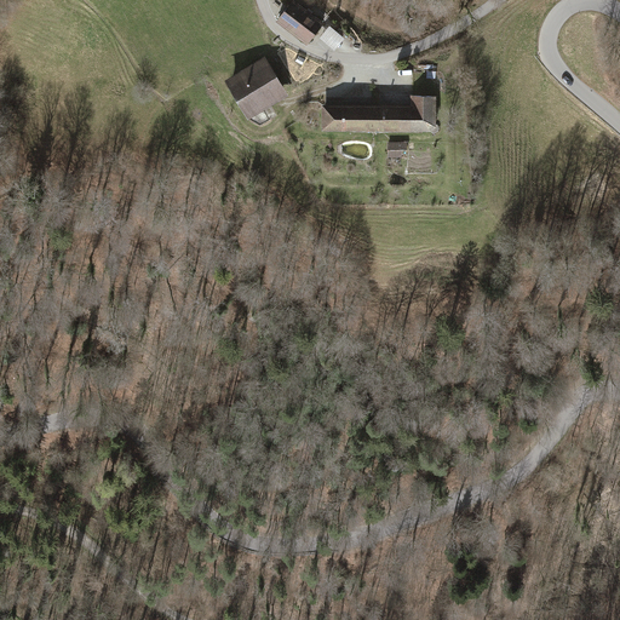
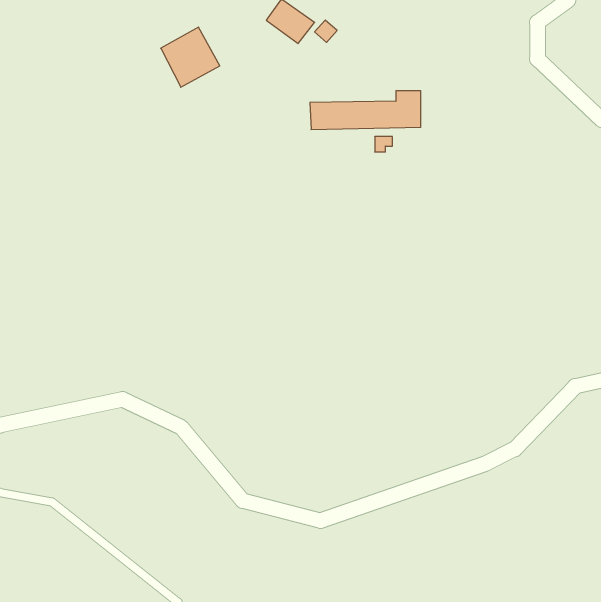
building: [225,57,286,119] -> [161,27,220,87]

